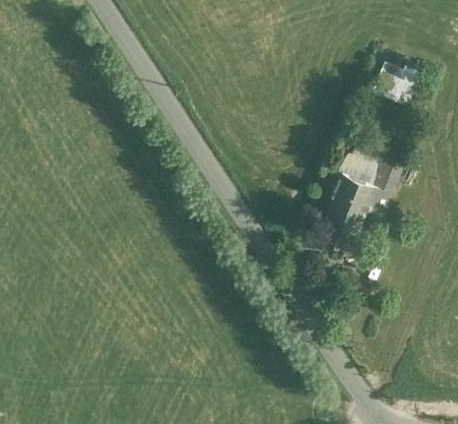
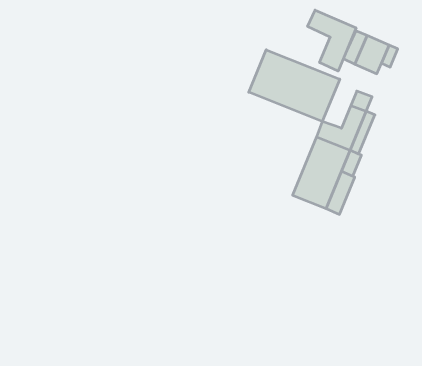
building: none -> [308,10,356,71]
building: none -> [249,50,340,122]

